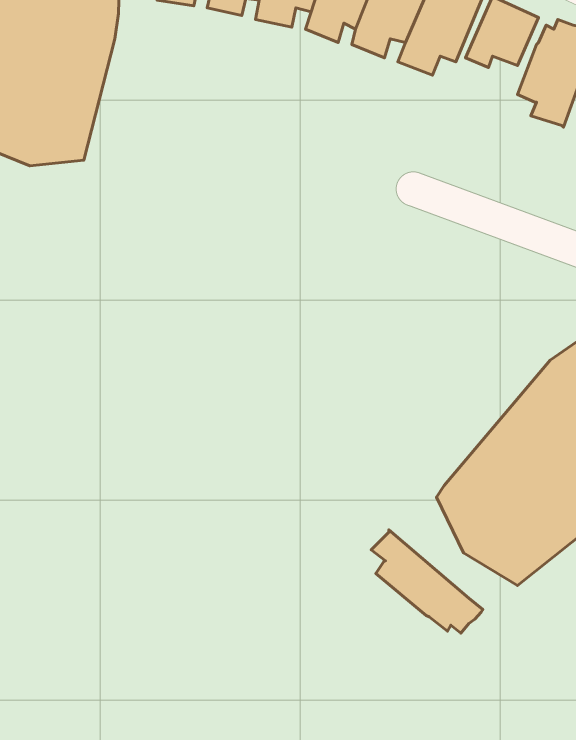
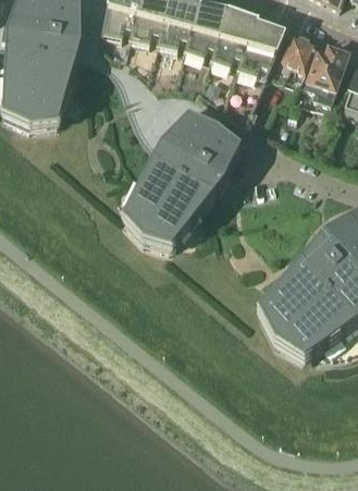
building: none -> [122,103,240,246]
building: [371,530,483,633] -> none

